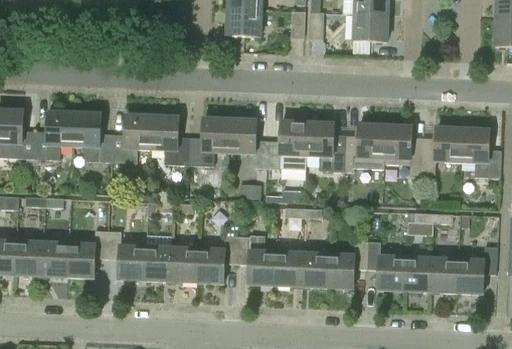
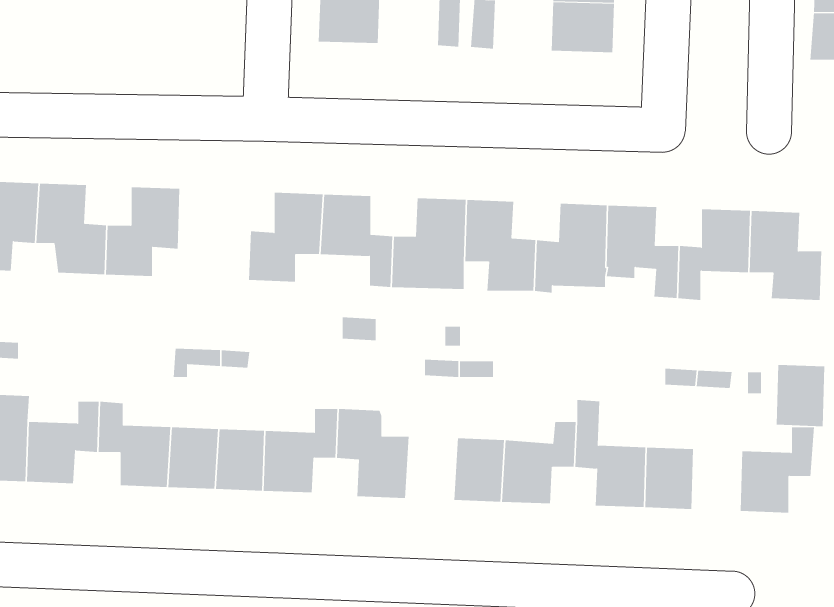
building: [150,115,189,165] -> none
building: [274,250,302,285] -> none
building: [430,257,457,291] -> [776,364,825,427]

